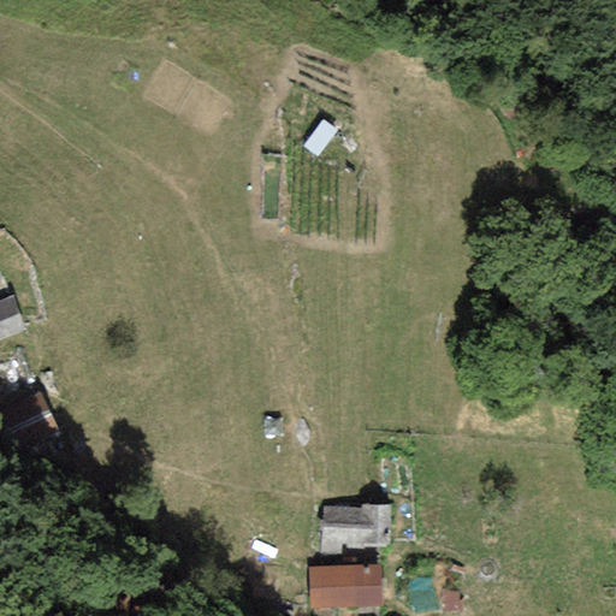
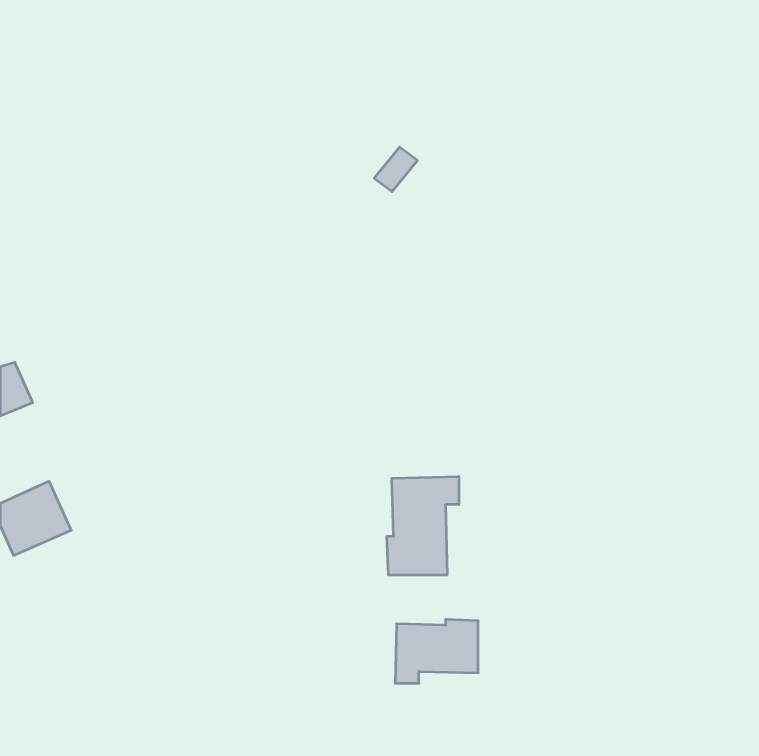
building: none -> [387,476,459,575]
building: [308,563,381,606] -> none

